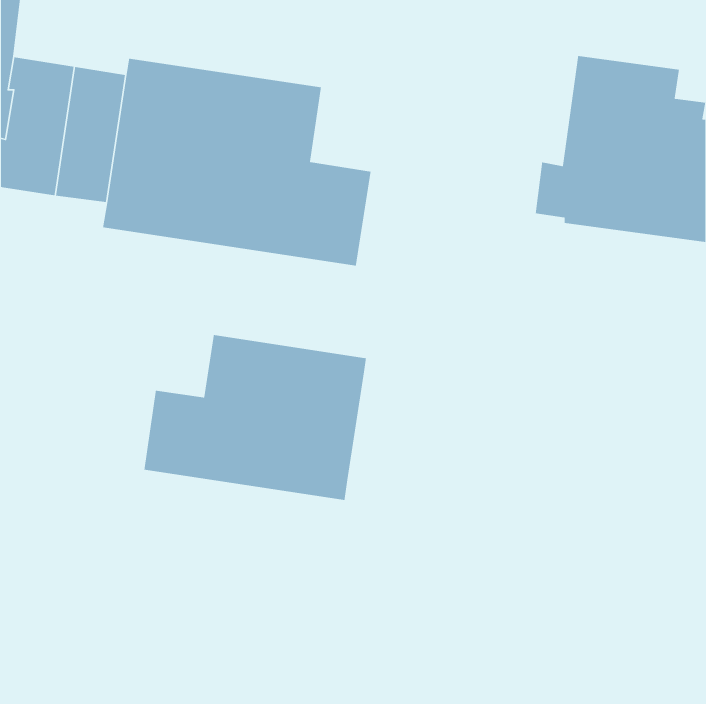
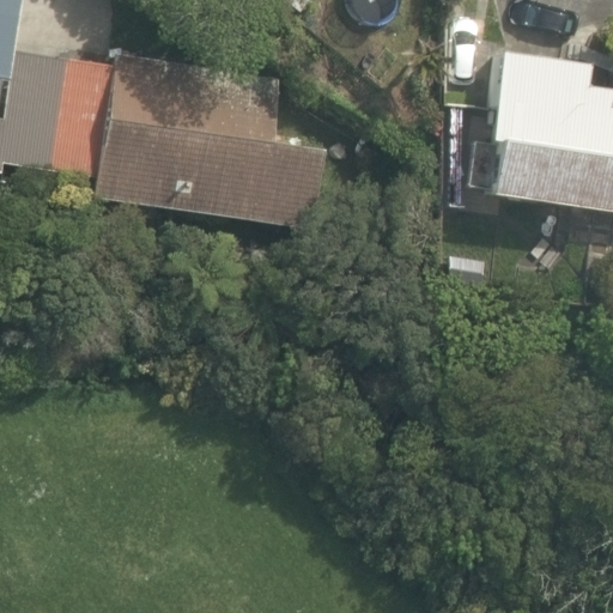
building: [143,334,367,501] -> none

